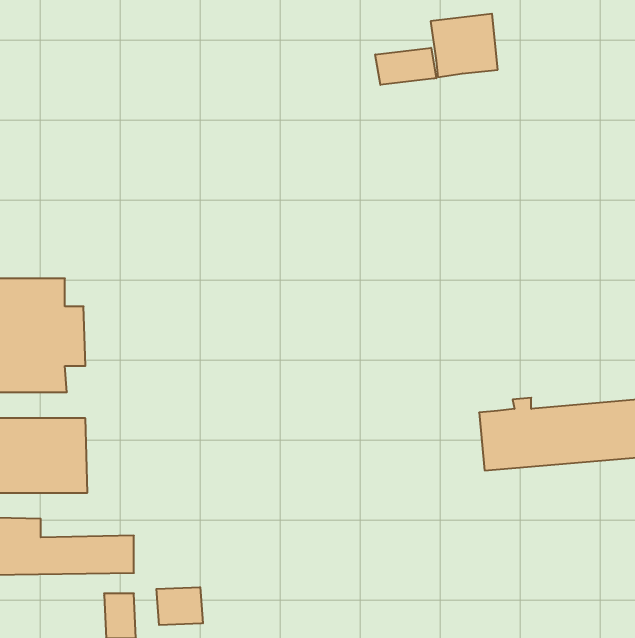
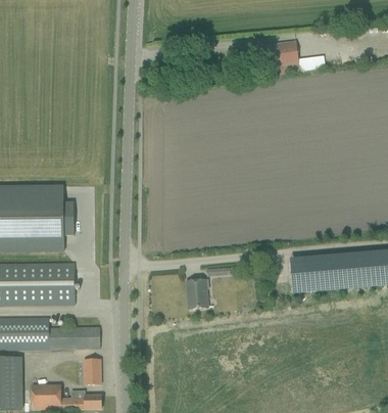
building: [375,48,436,85] -> none
building: none -> [187,279,207,308]
building: [156,587,203,625] -> none

